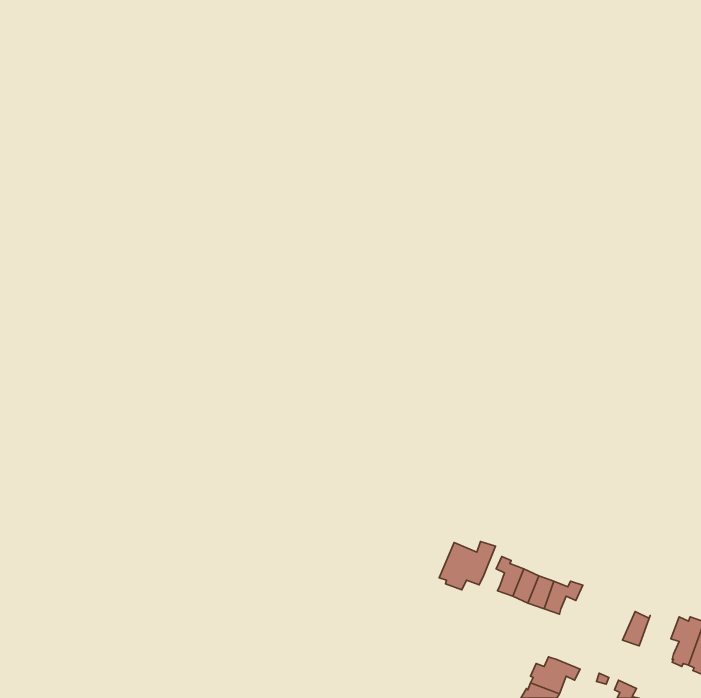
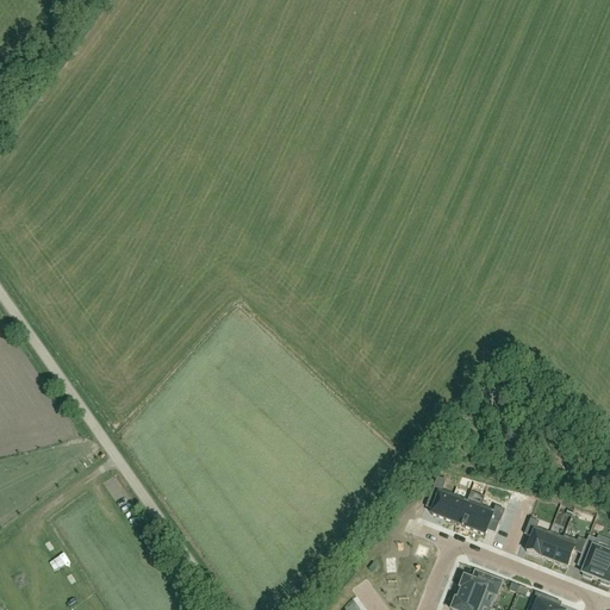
building: [439,541,495,590] -> none
building: none -> [525,518,552,555]
building: none -> [555,534,589,566]

